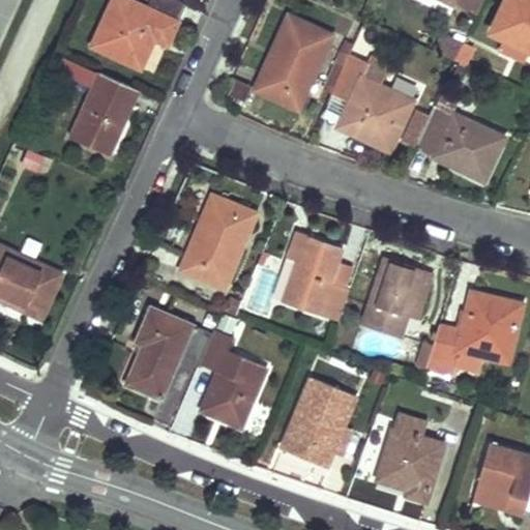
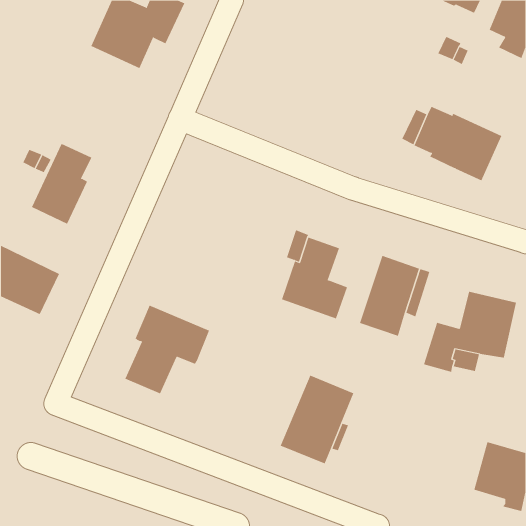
building: [255,17,330,110] -> none
building: [331,54,414,146] -> none
building: [71,72,132,154] -> [31,143,92,225]
building: [180,196,255,288] -> none
building: [199,325,267,426] -> none
building: [377,414,444,501] -> none

